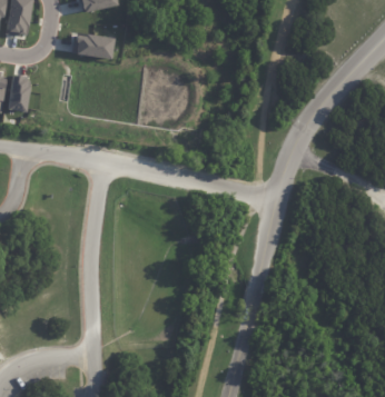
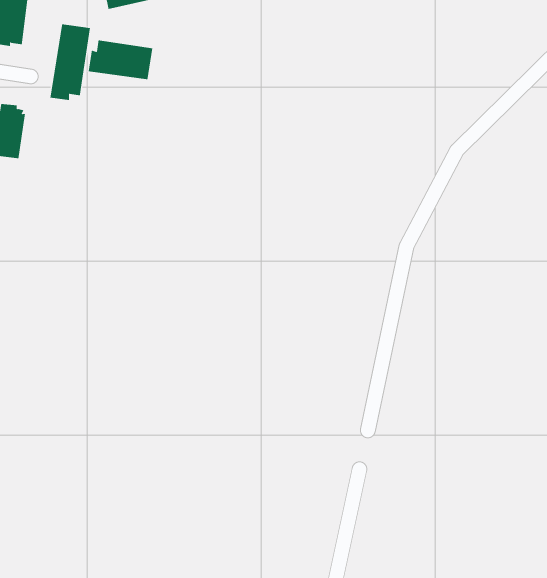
building: none -> [50,24,90,101]

